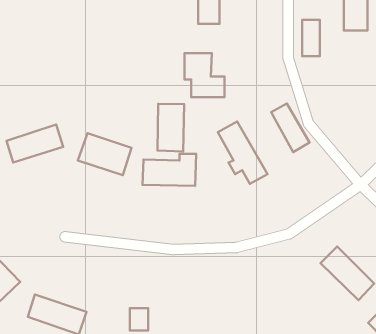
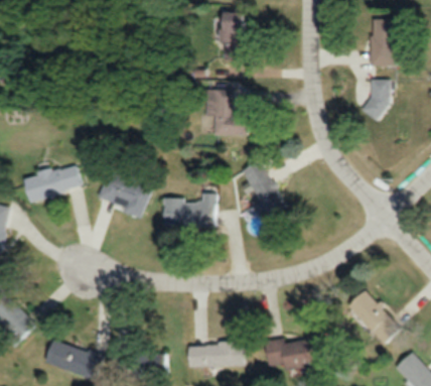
building: [302,20,320,56] -> [368,80,386,117]
building: [271,103,309,152] -> none
building: [158,104,184,152] -> none
building: none -> [265,331,329,373]
building: none -> [187,343,244,366]

